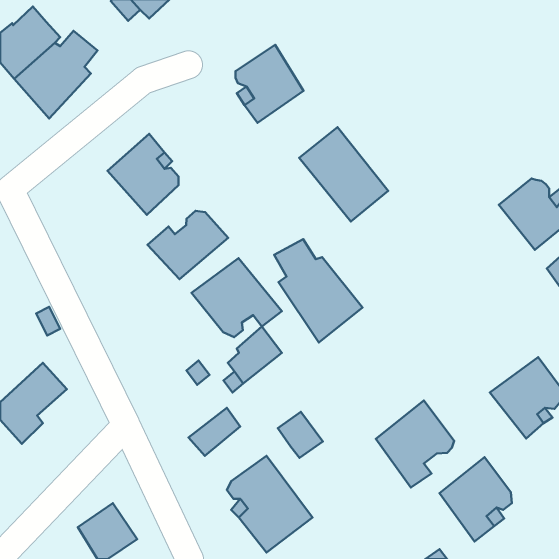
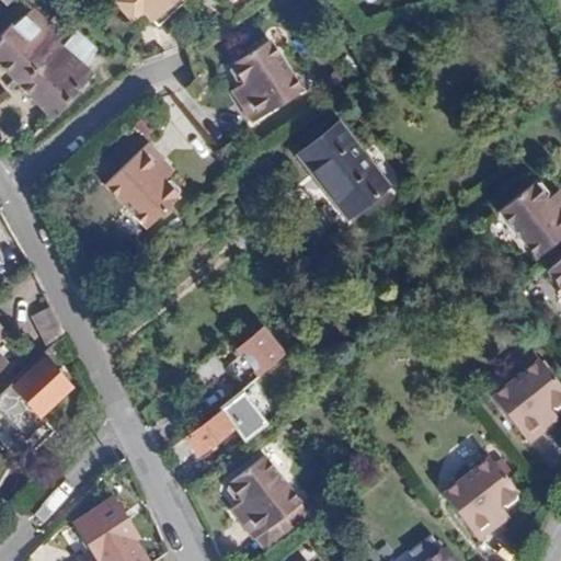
building: [148,211,228,279] -> none
building: [274,239,362,342] -> none
building: [191,258,282,337] -> none
building: [376,400,454,487] -> none
building: [278,412,323,458] -> [228,391,273,437]

